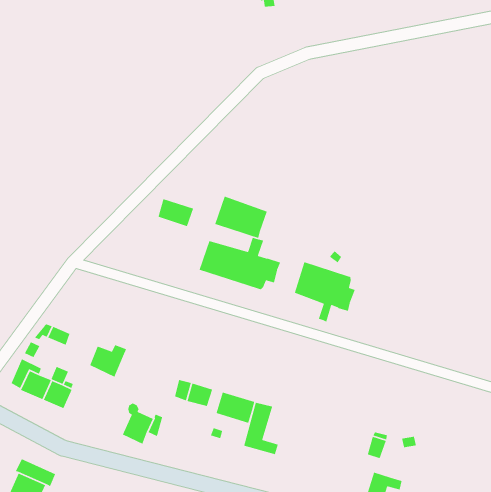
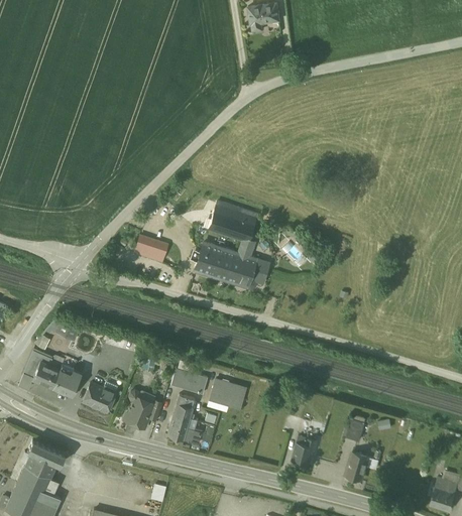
building: [157,198,194,227] -> [134,235,167,261]
building: [294,261,356,323] -> none
building: [89,344,127,378] -> [83,381,117,411]
building: [243,402,279,455] -> [168,394,201,442]
building: none -> [292,436,316,464]

